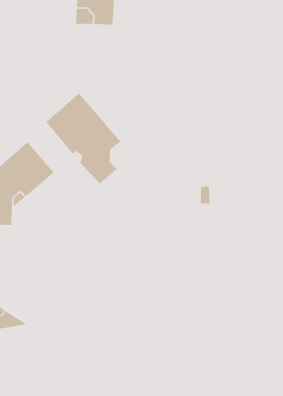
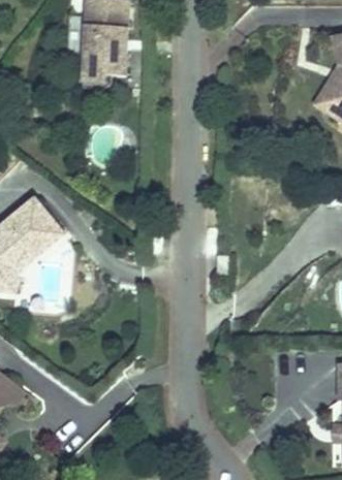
building: [45,92,121,184] -> none

